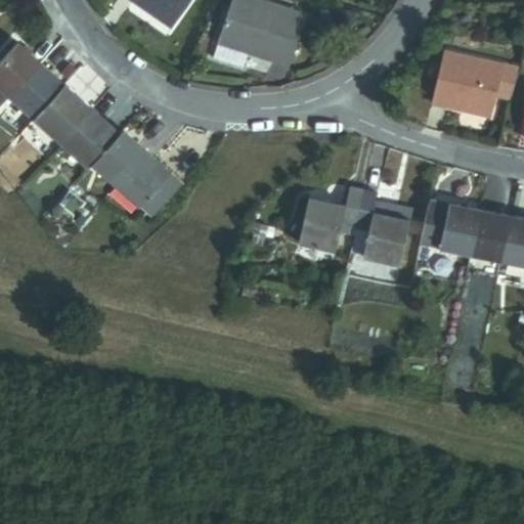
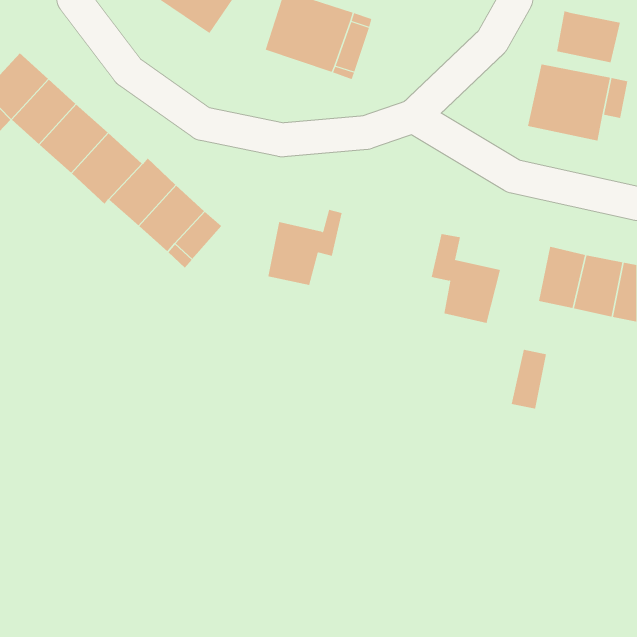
building: none -> [556,10,620,63]
building: [300,188,361,251] -> [267,209,342,285]
building: [421,198,450,247] -> [511,349,547,409]

